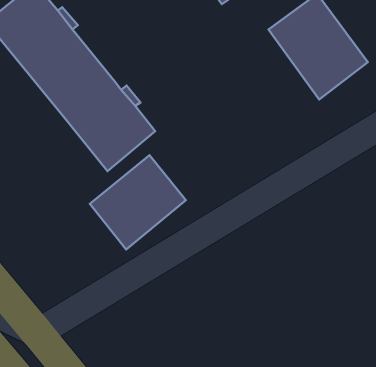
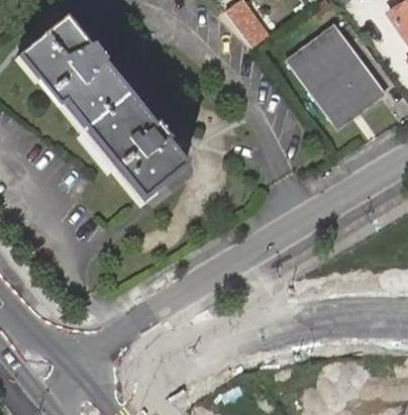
building: [90,155,186,250] -> none

